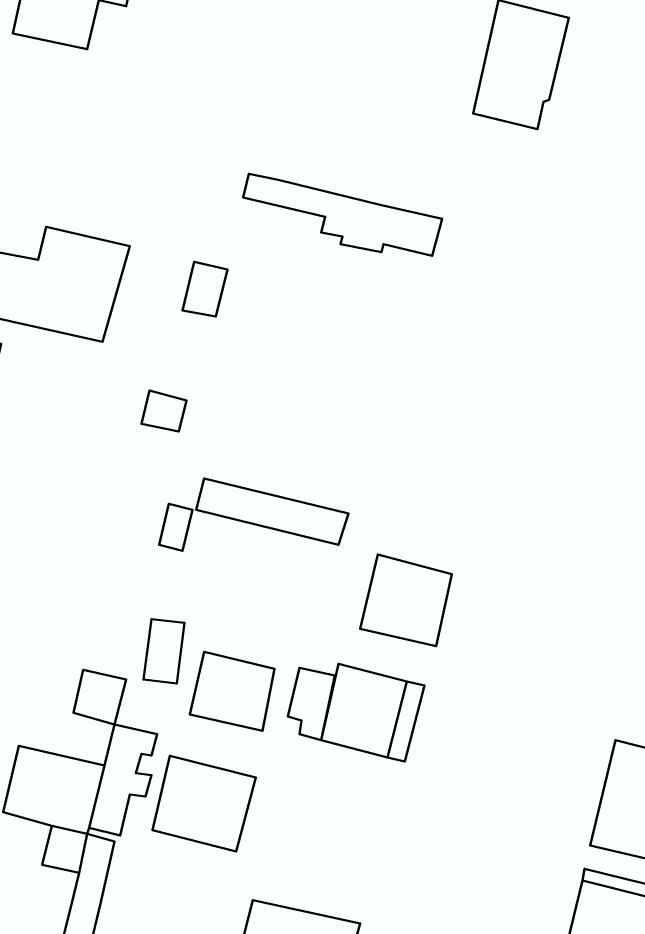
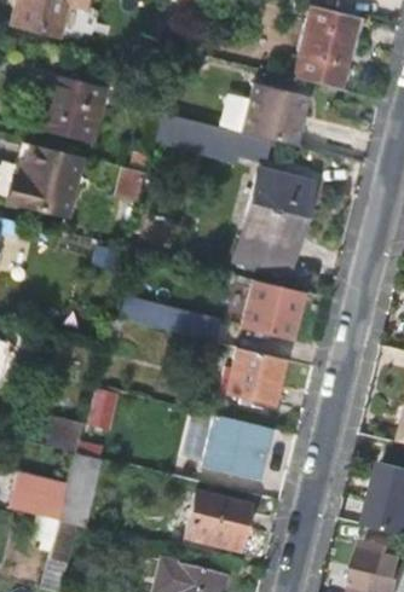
building: none -> [33,72,103,143]
building: none -> [239,82,305,145]
building: none -> [236,172,308,272]
building: none -> [242,278,301,338]
building: [190,652,275,731] -> none
building: [152,756,256,852] -> [184,495,248,555]

